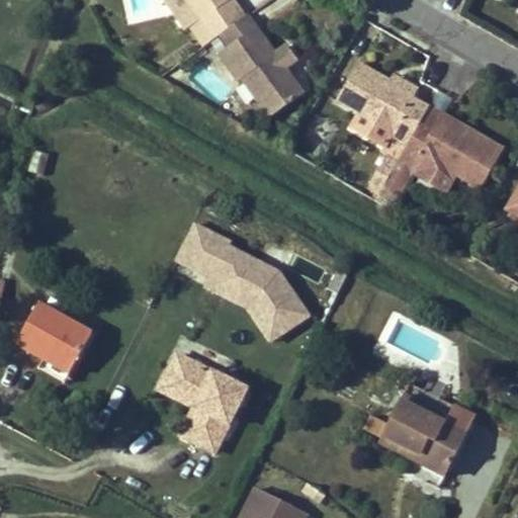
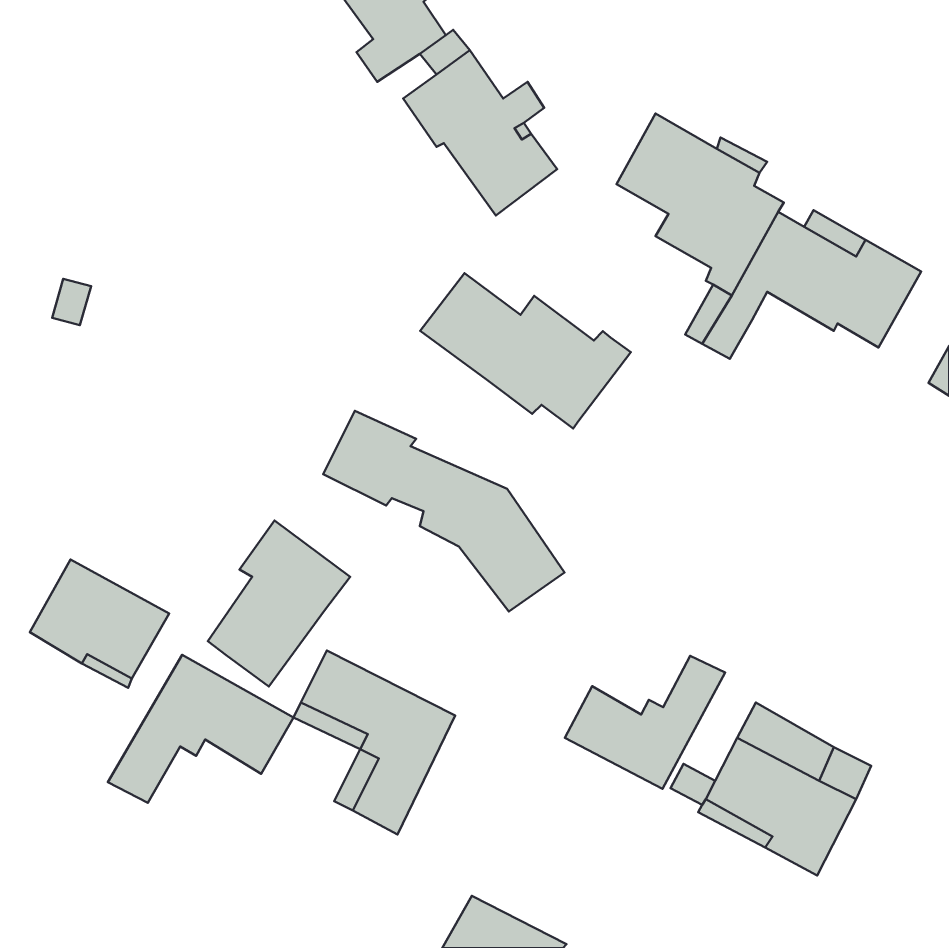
building: none -> [420,273,631,428]
building: none -> [208,520,350,686]
building: none -> [108,655,293,803]
building: none -> [565,656,725,789]

